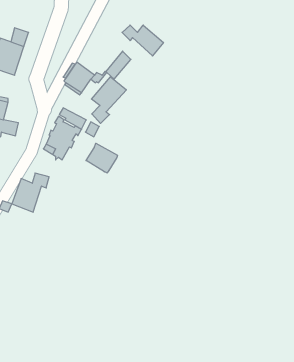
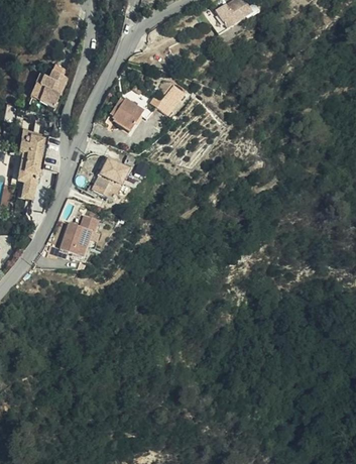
building: [122,25,163,56] -> none
building: [91,77,126,123] -> none
building: [86,143,118,173] -> none

